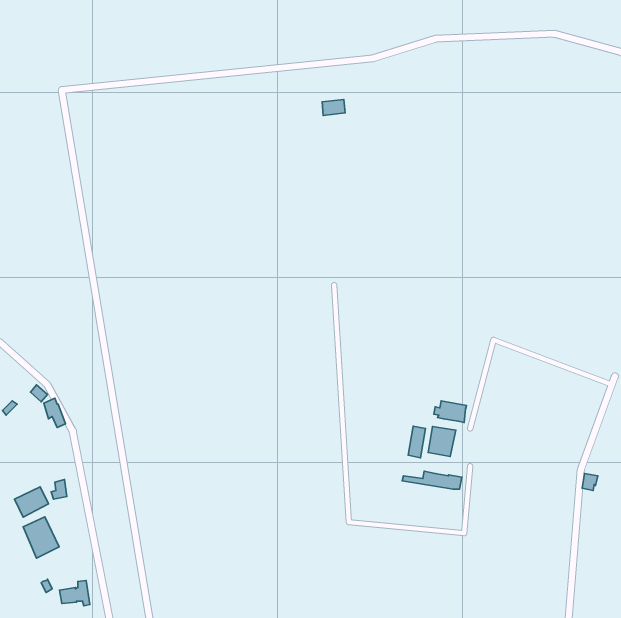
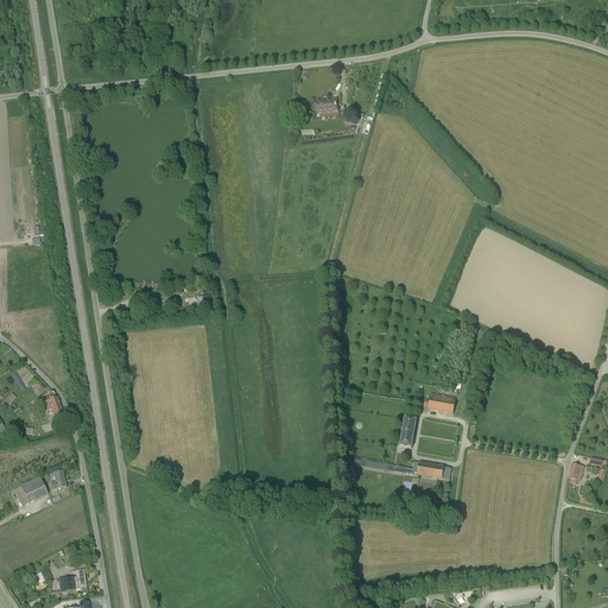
building: [428,426,456,456] -> none
building: [23,517,59,558] -> none

